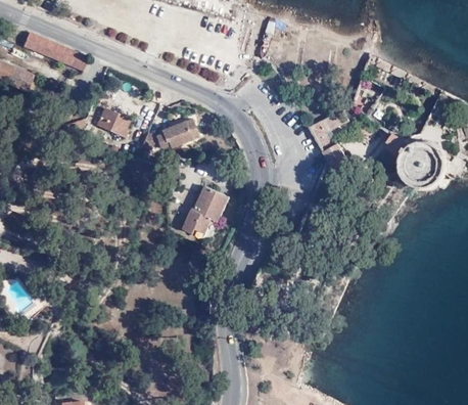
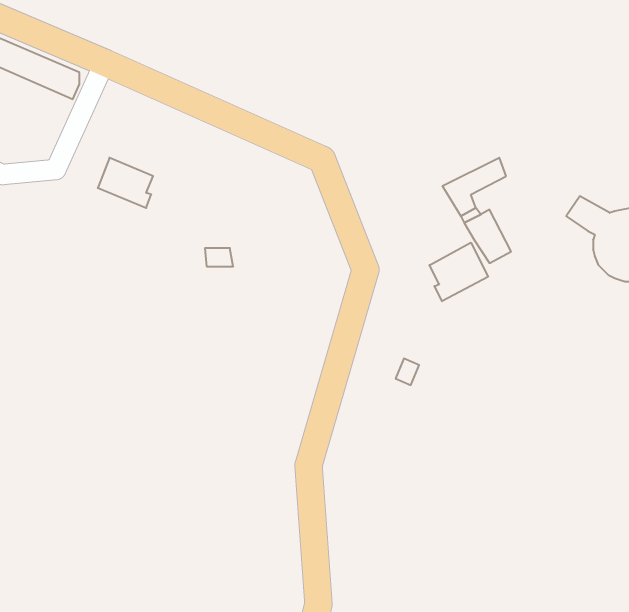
building: [142,120,200,149] -> none
building: none -> [429,243,488,301]
building: [182,186,227,233] -> none

